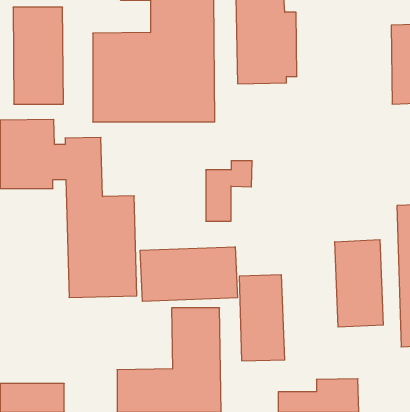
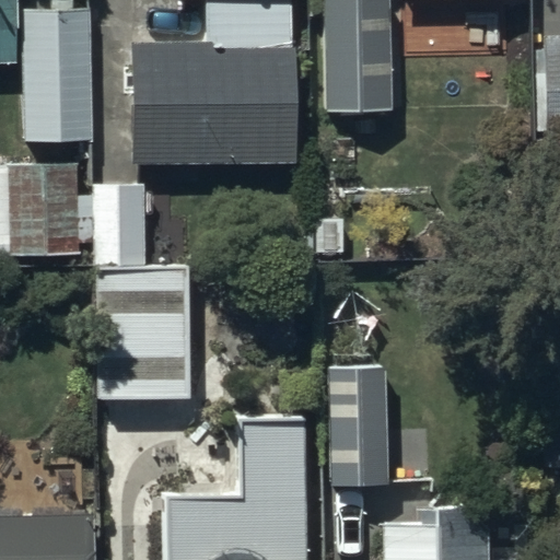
building: [335,240,383,327] -> none
building: [140,247,237,301] -> none

